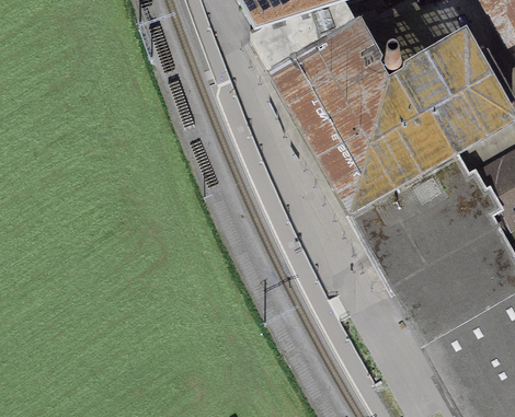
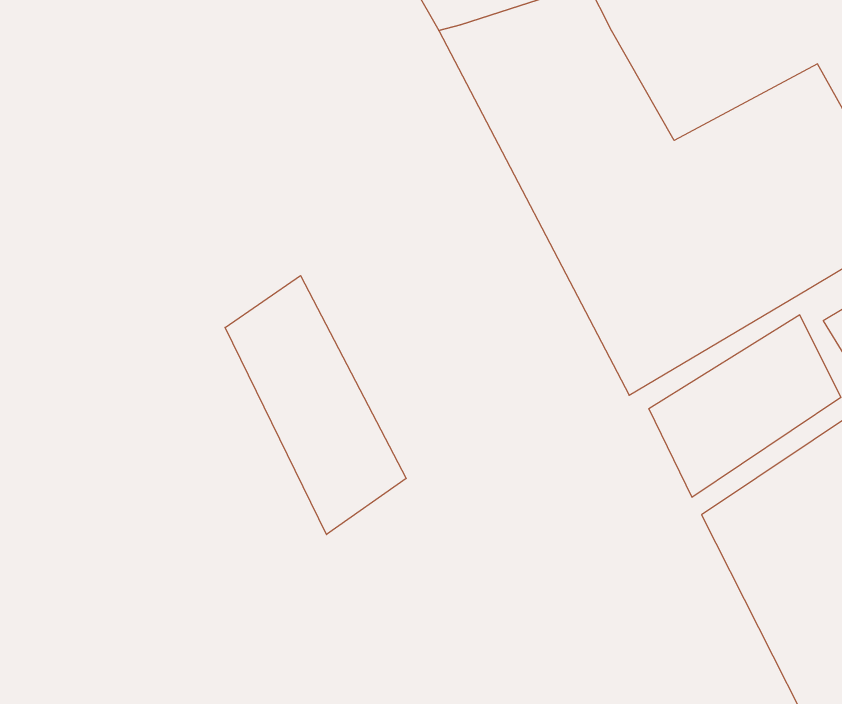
building: none -> [225,276,406,535]

